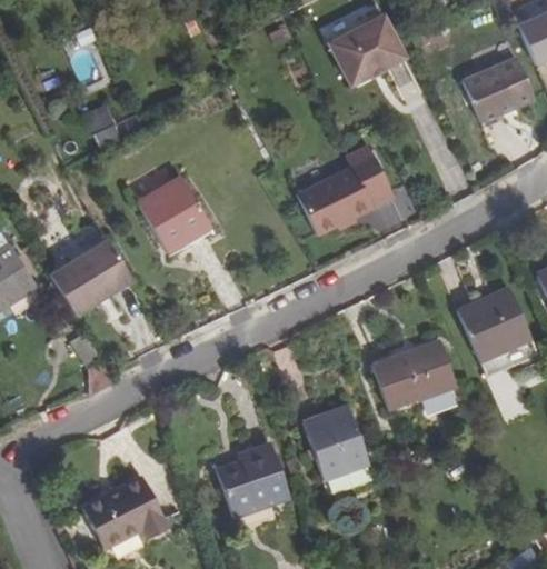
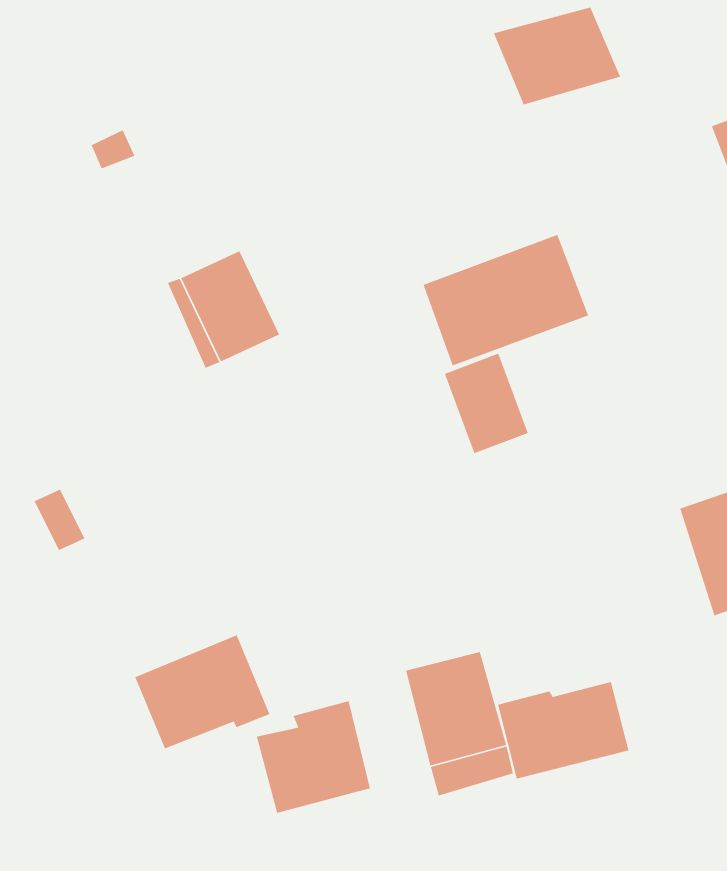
building: none -> [444,353,529,454]
building: [50,238,131,315] -> none
building: [374,343,456,408] -> [497,681,629,780]
building: [82,477,167,550] -> [134,634,271,749]

